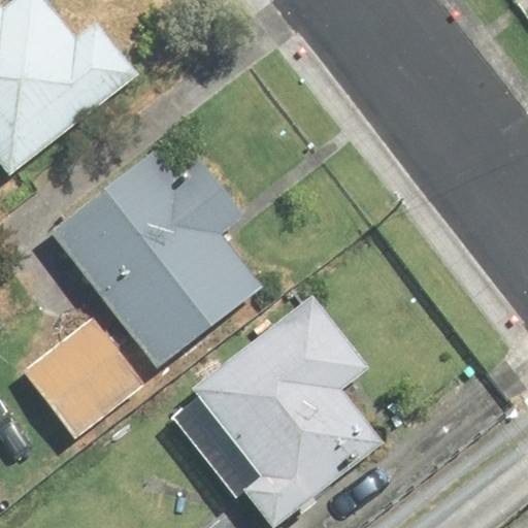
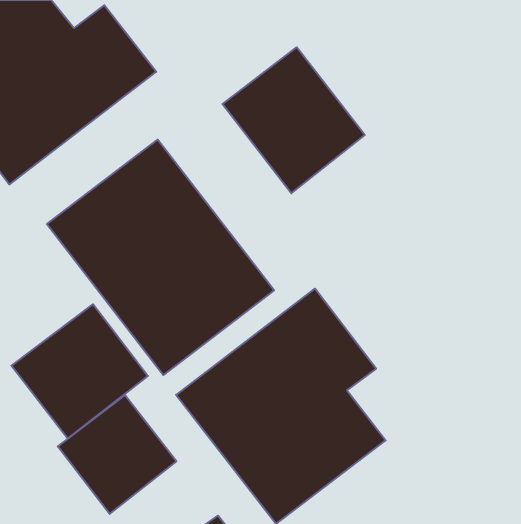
building: none -> [222,47,365,193]
building: none -> [58,395,176,514]

